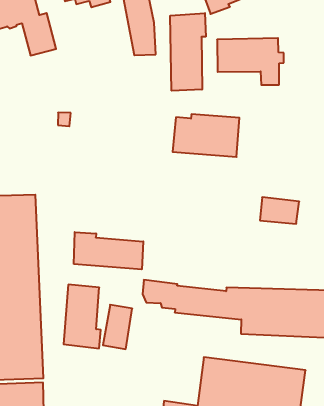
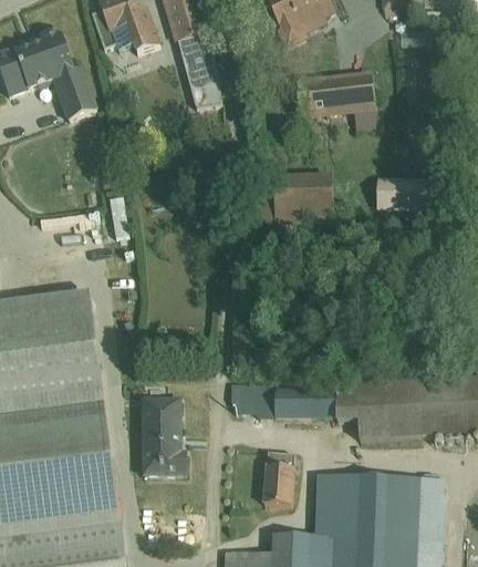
building: [170,13,206,91] -> none
building: [260,197,299,224] -> [381,179,427,208]
building: [74,232,143,269] -> none
building: [103,305,132,349] -> [263,451,295,504]

